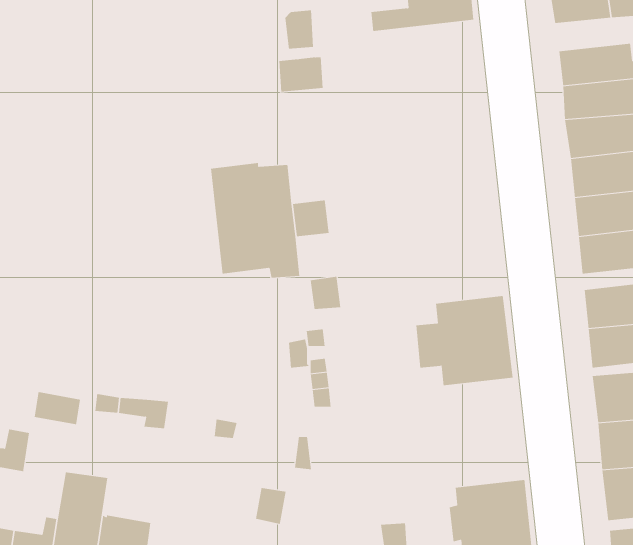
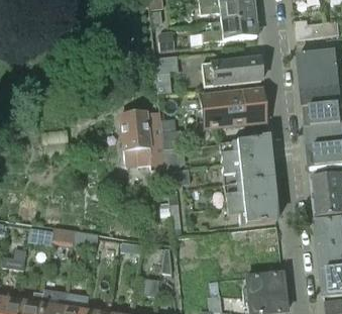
building: none -> [201,57,260,85]
building: none -> [199,88,264,127]
building: none -> [220,136,270,182]

